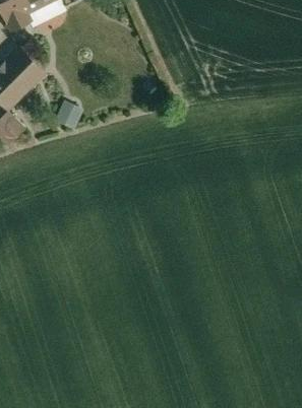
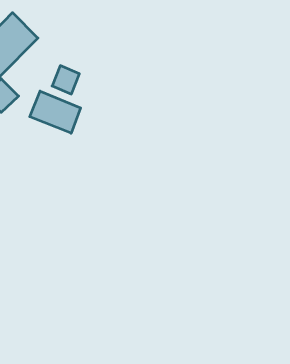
building: none -> [30,91,81,133]

